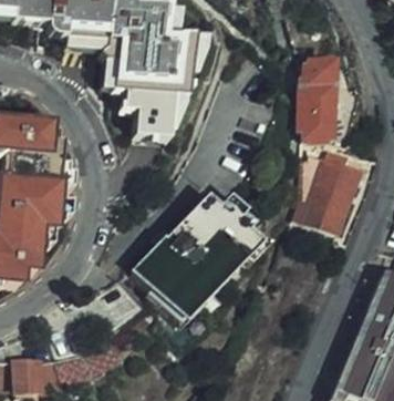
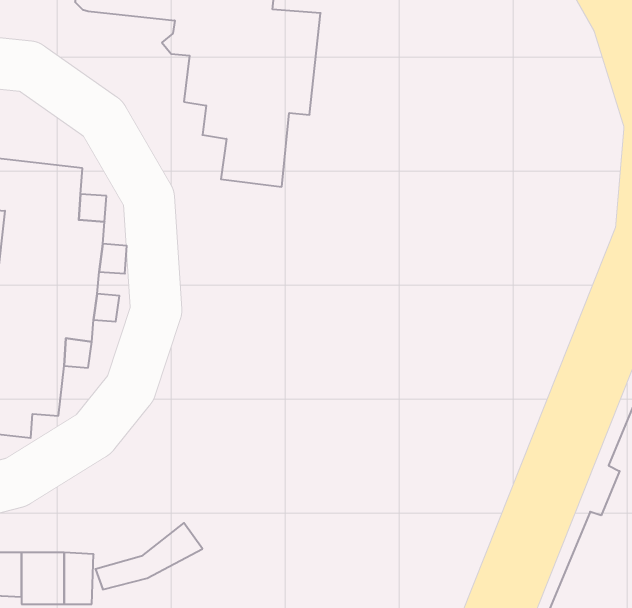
building: [300,61,330,140] -> none
building: [294,151,357,235] -> none
building: [132,191,259,316] -> none

